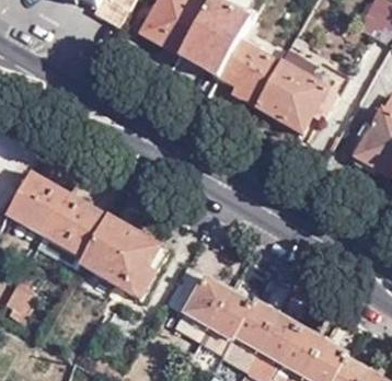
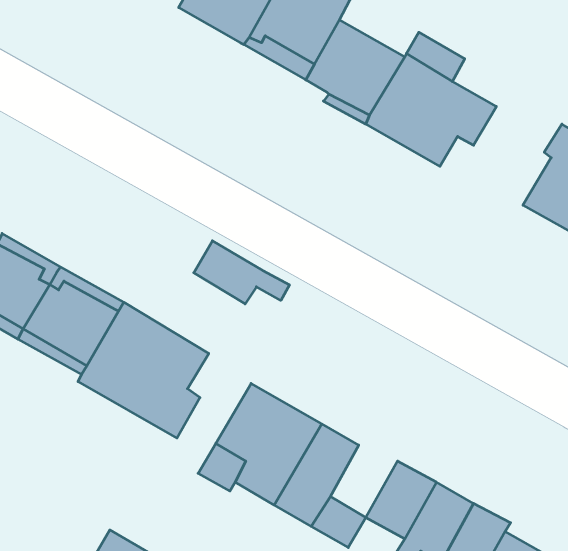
building: none -> [194,241,289,304]
building: [234,299,276,347] -> none

